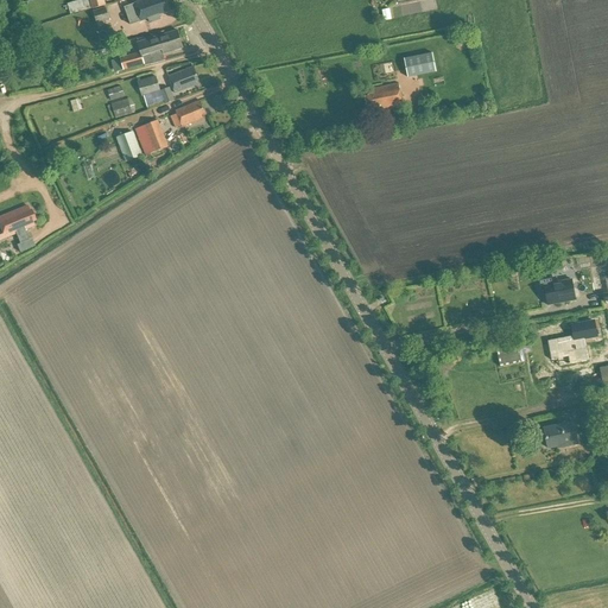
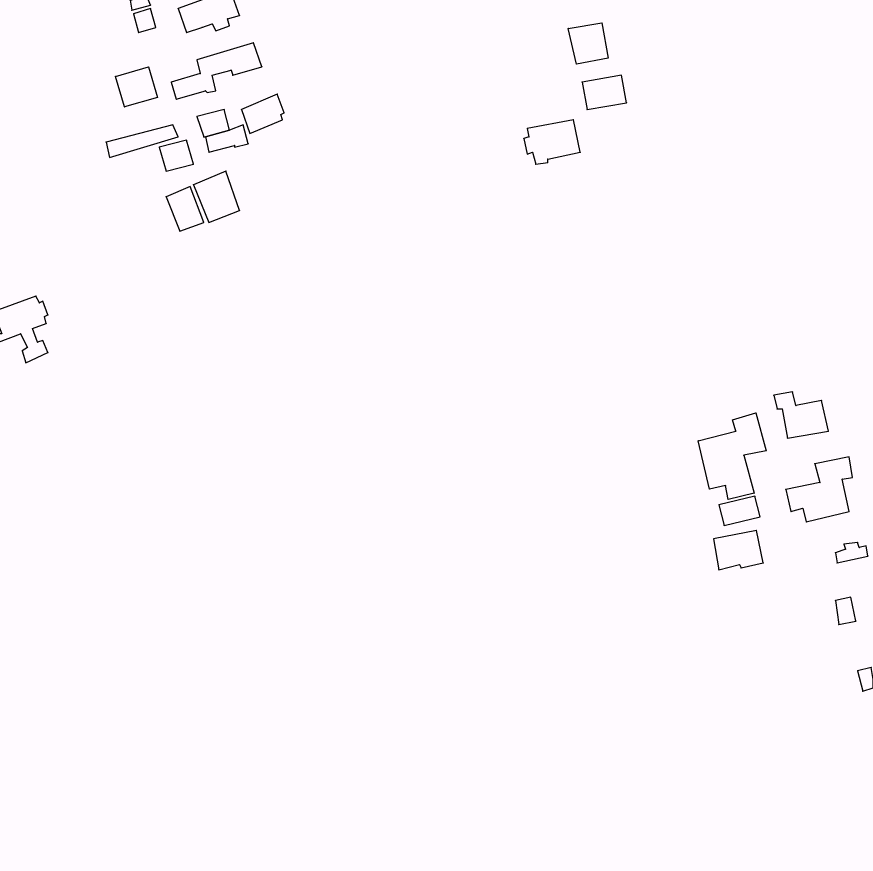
building: none -> [568,23,608,64]
building: none -> [115,67,158,107]
building: [170,100,204,127] -> none
building: none -> [698,413,766,499]
building: [543,420,577,448] -> [714,530,763,570]

